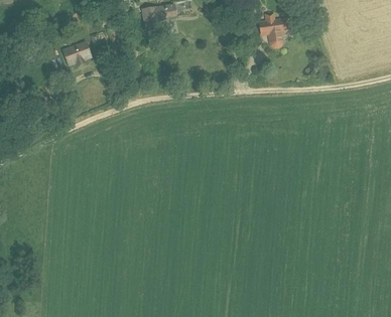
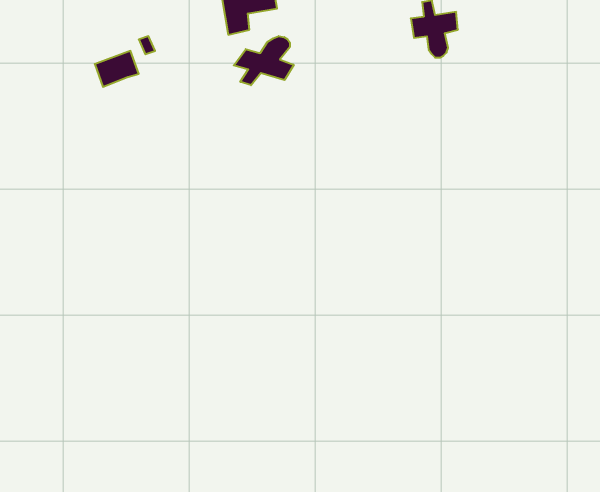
building: none -> [234,36,294,85]

